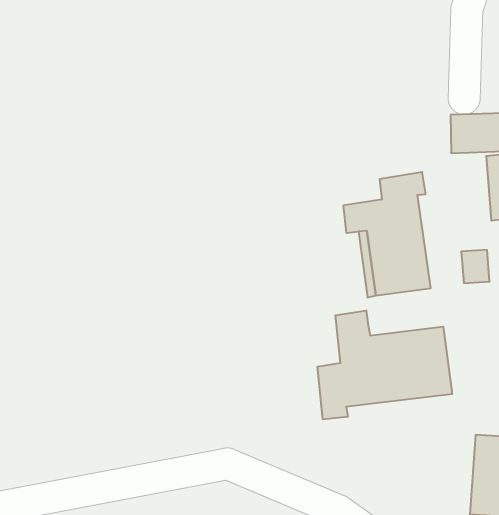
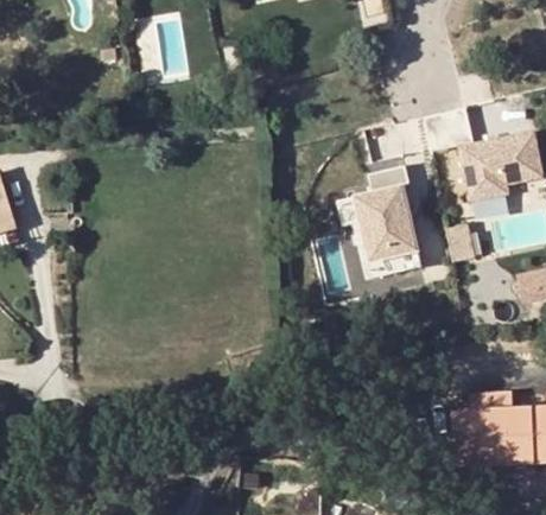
building: [318,310,452,419] -> none

